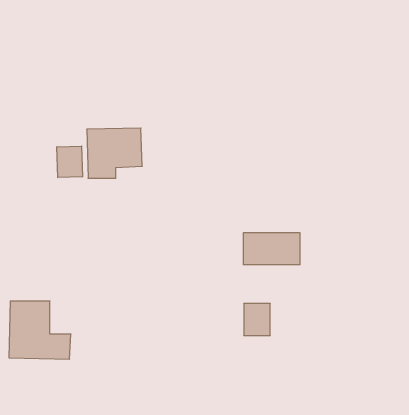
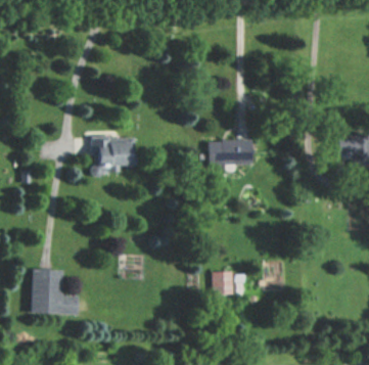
building: [57,146,82,178] -> none
building: [243,233,300,265] -> [209,140,252,165]

